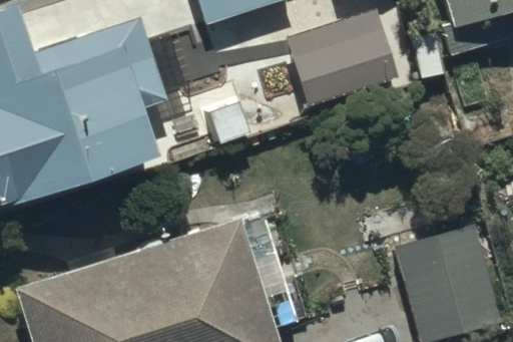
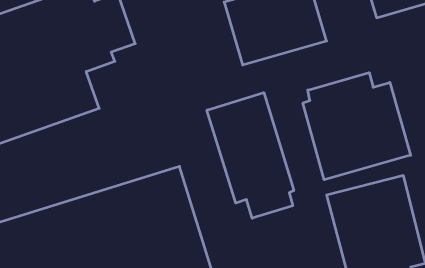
building: none -> [303,73,411,180]
building: none -> [207,93,294,218]

